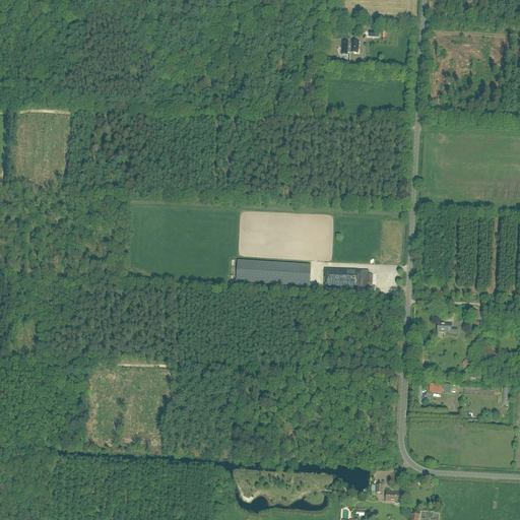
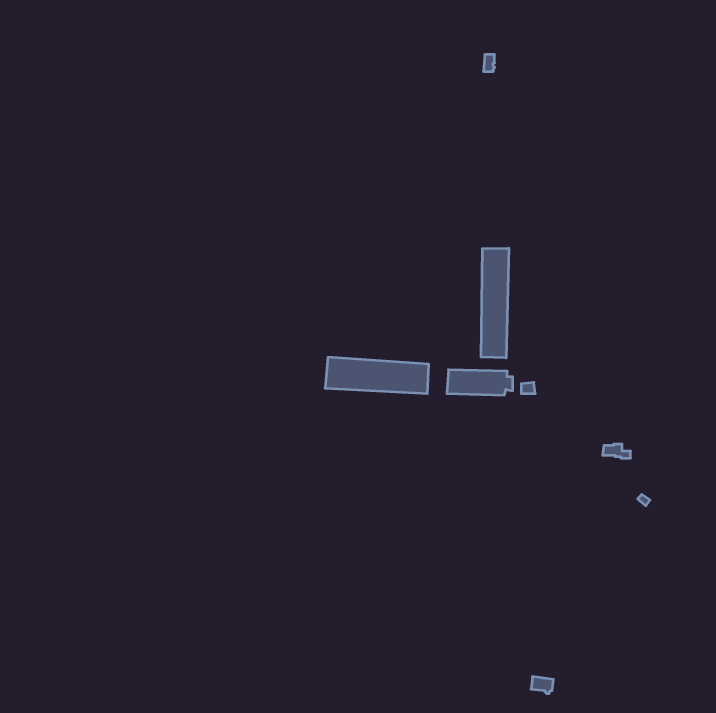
building: none -> [481,248,509,358]

